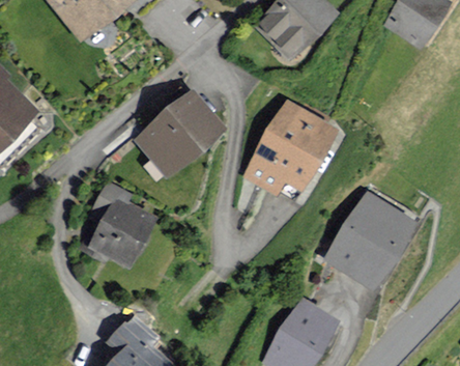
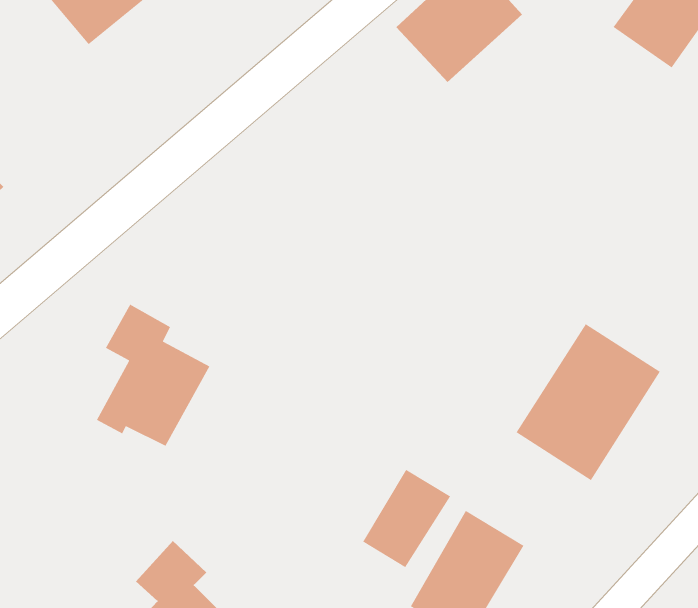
building: [138,94,222,175] -> none
building: [249,106,332,191] -> none
building: none -> [362,469,451,568]

